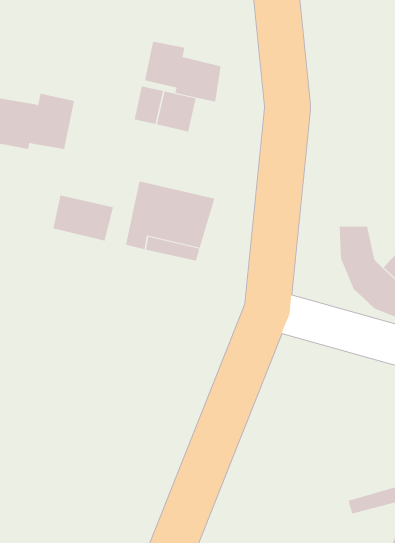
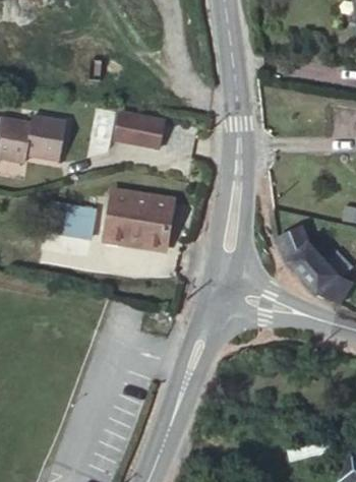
building: [144,41,221,102] -> none

